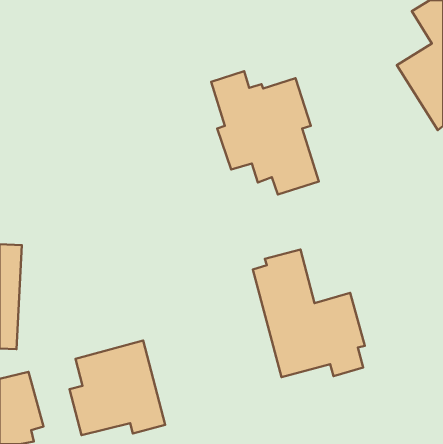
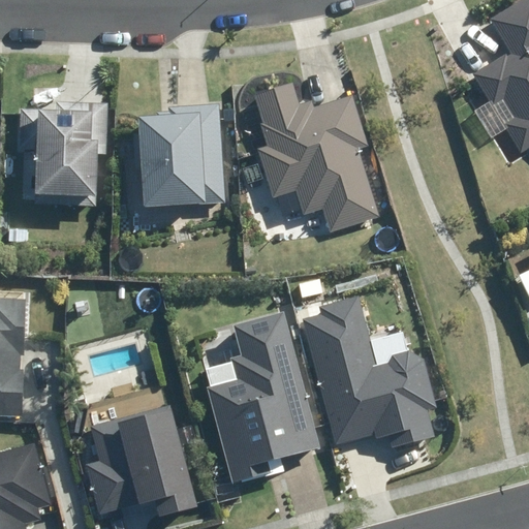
building: none -> [18,102,110,197]
building: none -> [137,103,224,209]
building: none -> [199,309,319,487]

